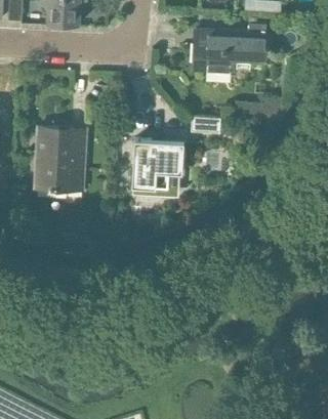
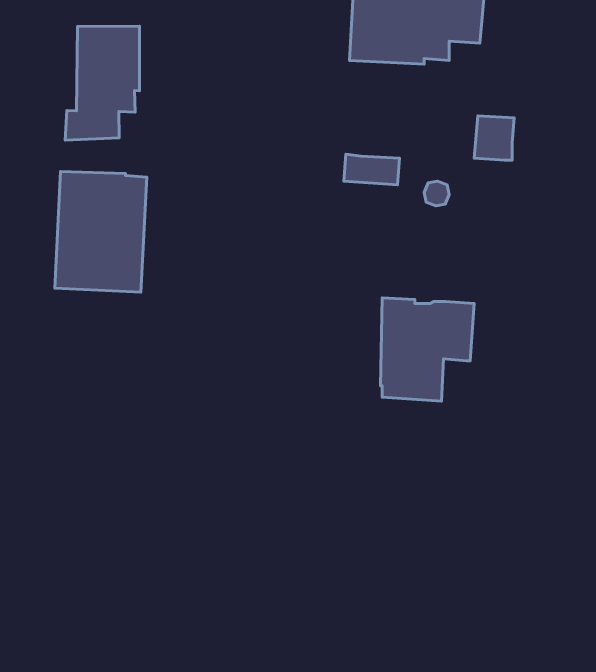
building: none -> [65,26,139,140]
building: [134,140,184,196] -> [380,298,474,401]

